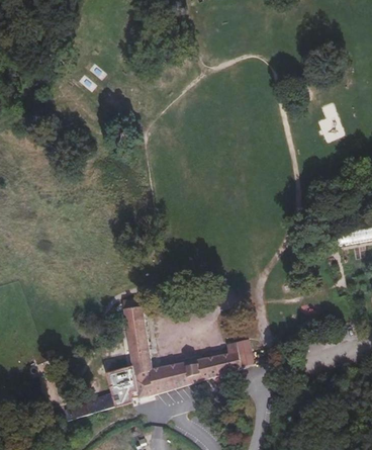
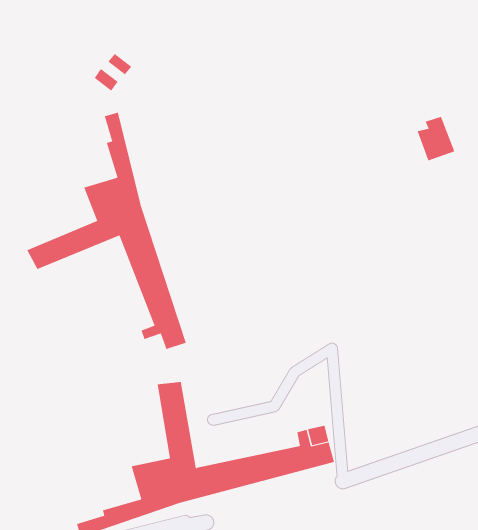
building: none -> [27,112,187,350]

